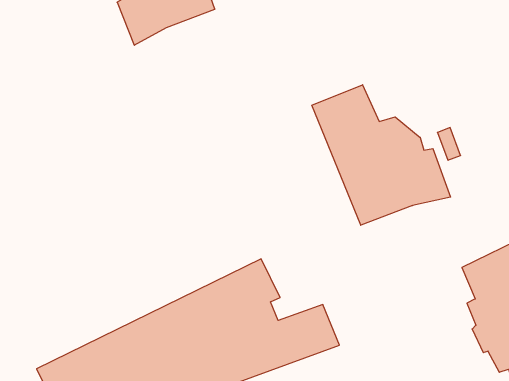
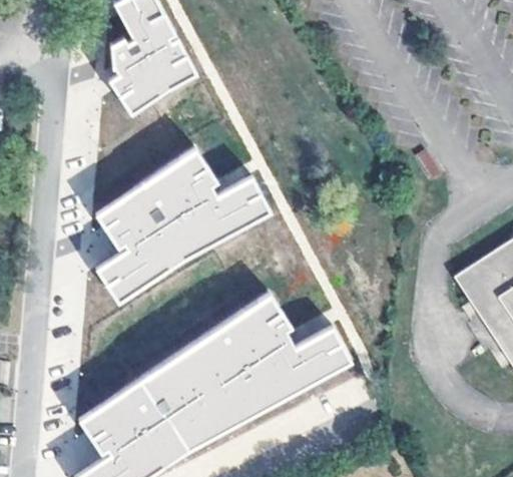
building: [312,85,451,225] -> none
building: none -> [94,146,272,301]

